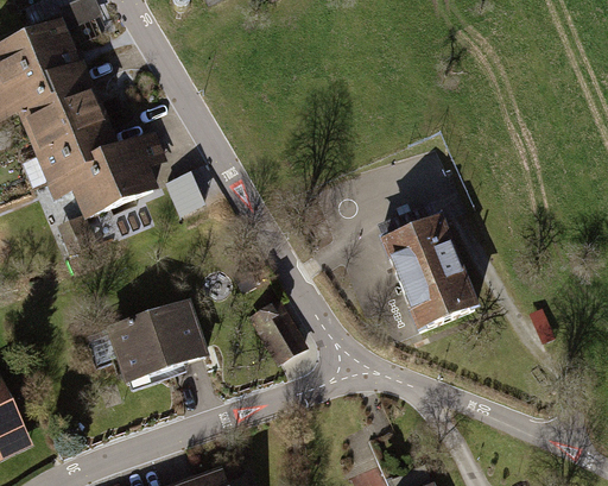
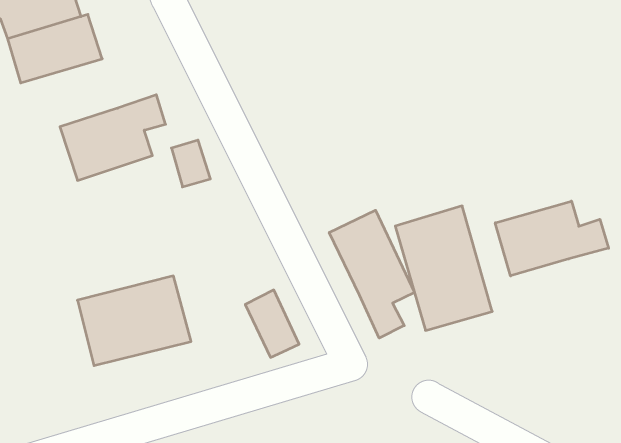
building: [21,105,118,185] -> none
building: none -> [495,201,609,276]
building: none -> [329,210,414,338]

